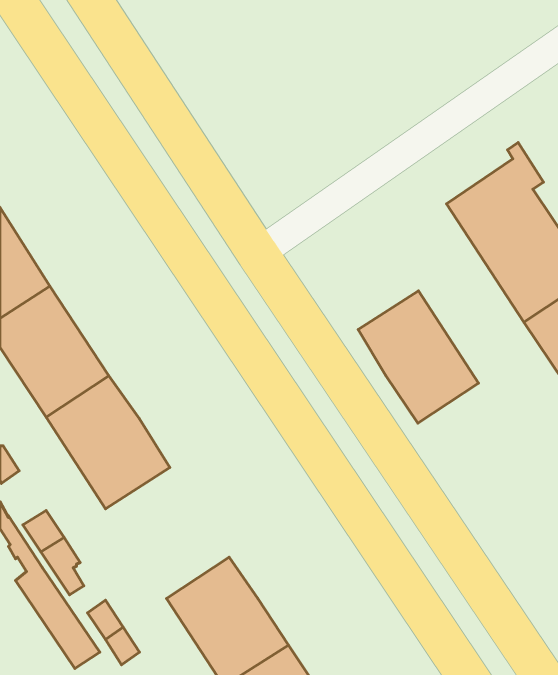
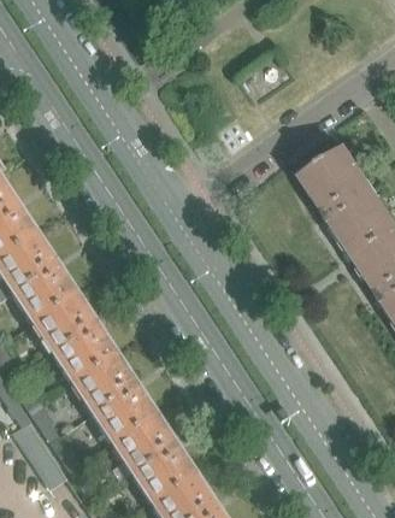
building: [358,291,479,423] -> none
building: none -> [71,354,154,442]

